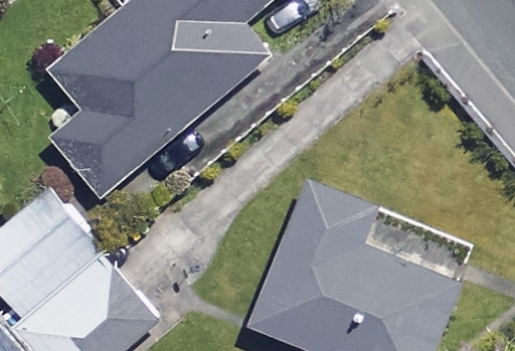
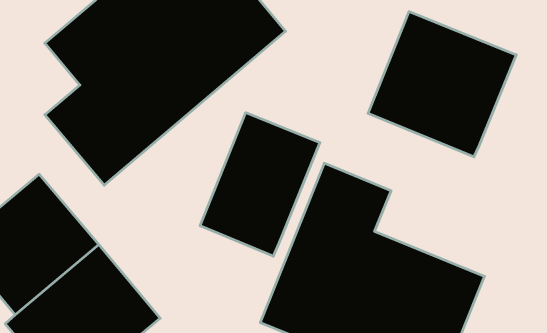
building: none -> [368,12,516,157]
building: none -> [200,113,320,256]

